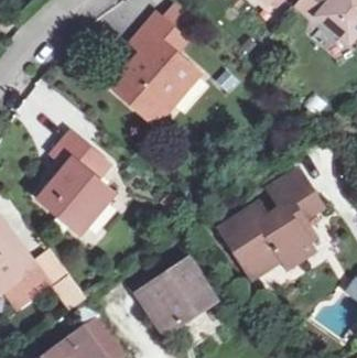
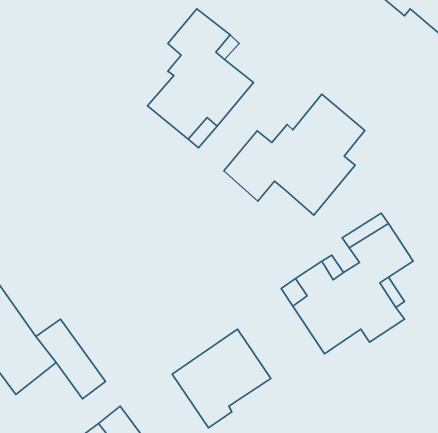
building: none -> [224,94,365,215]
building: [40,133,112,231] -> none

